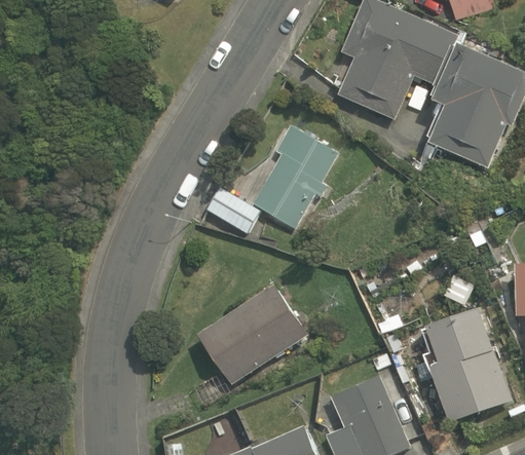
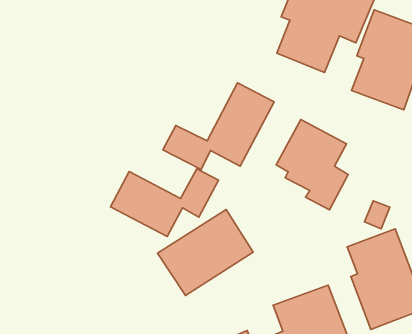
building: none -> [276,120,348,210]
building: none -> [110,169,219,237]

